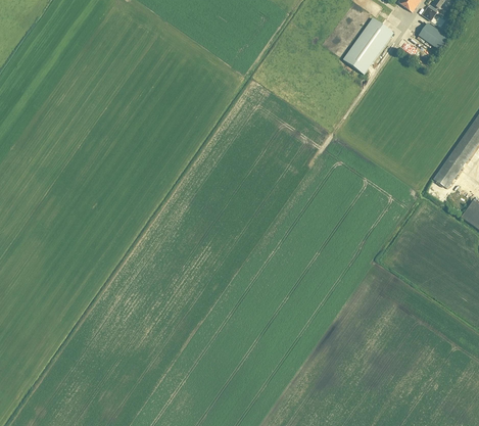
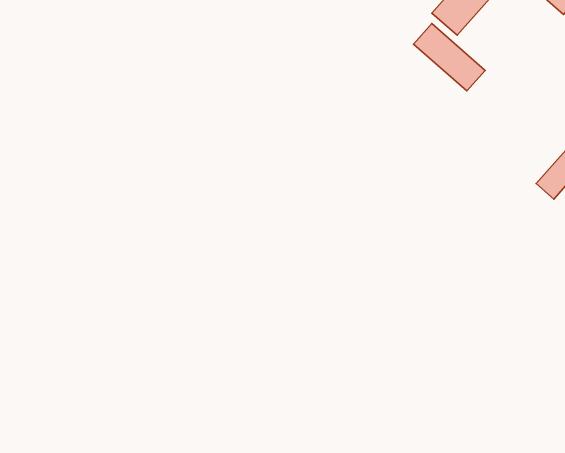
building: none -> [414,24,485,91]

